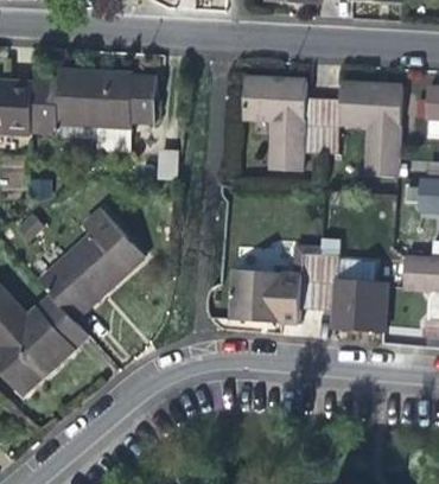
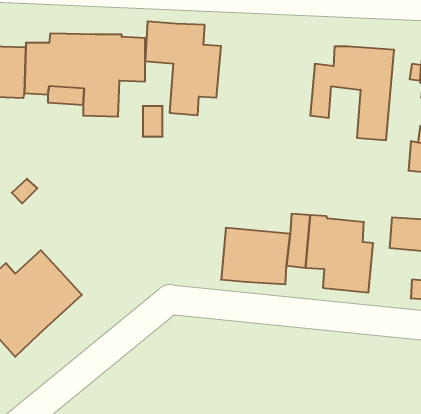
building: [248,75,325,170] -> [145,21,221,115]
building: [39,218,142,318] -> none

